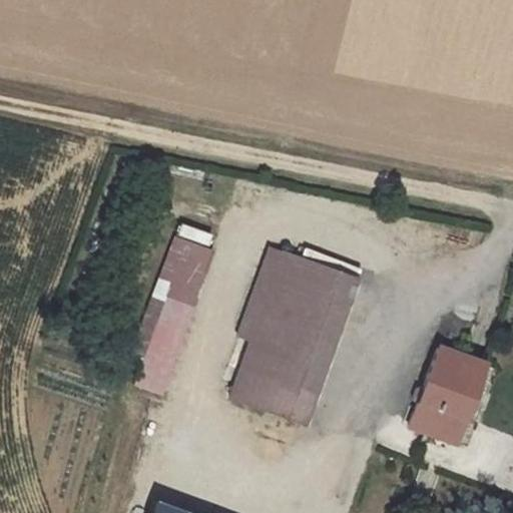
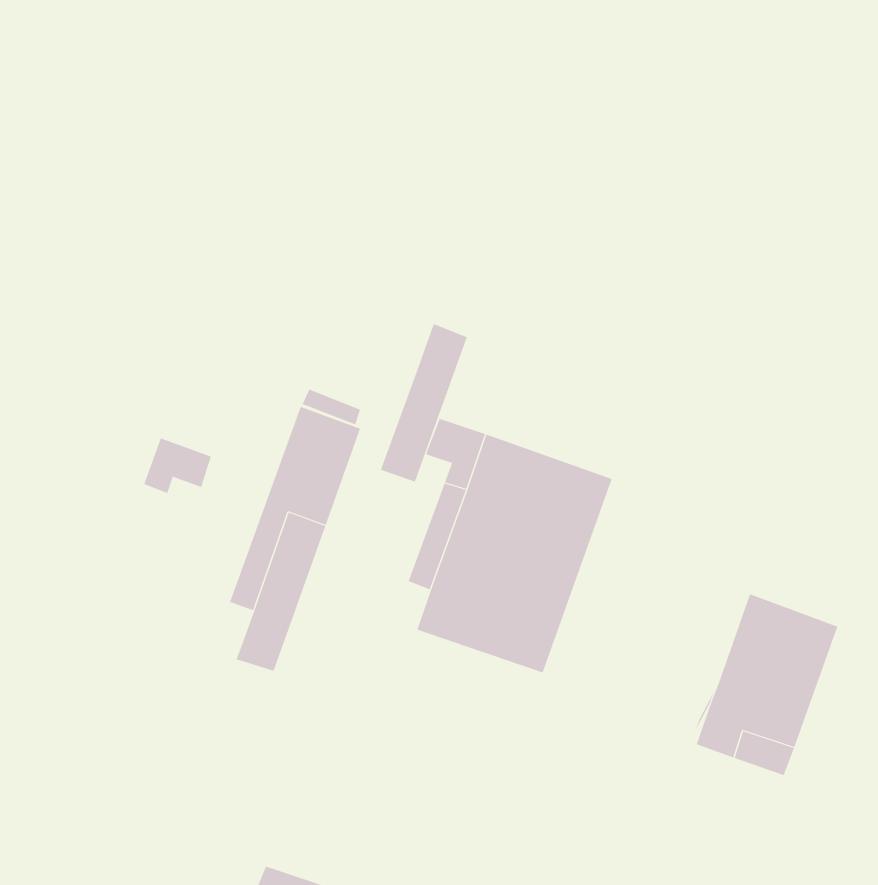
building: none -> [380,323,467,482]
building: none -> [144,437,211,494]
building: [235,365,319,420] -> none

